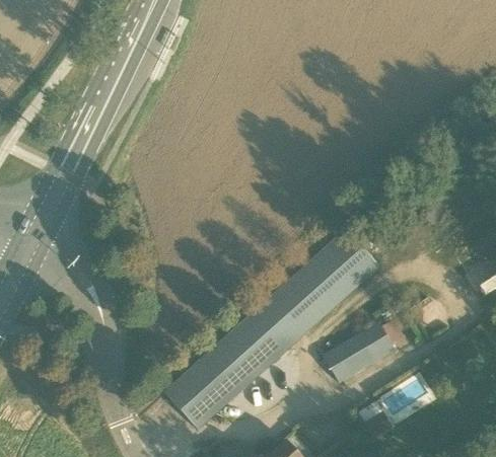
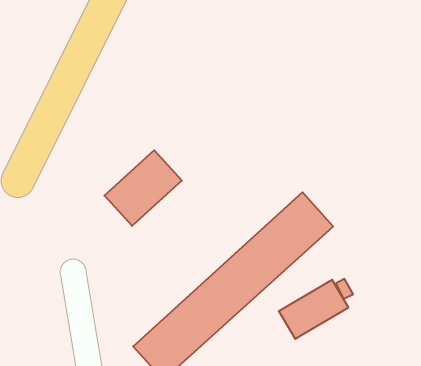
building: none -> [104,150,182,226]

